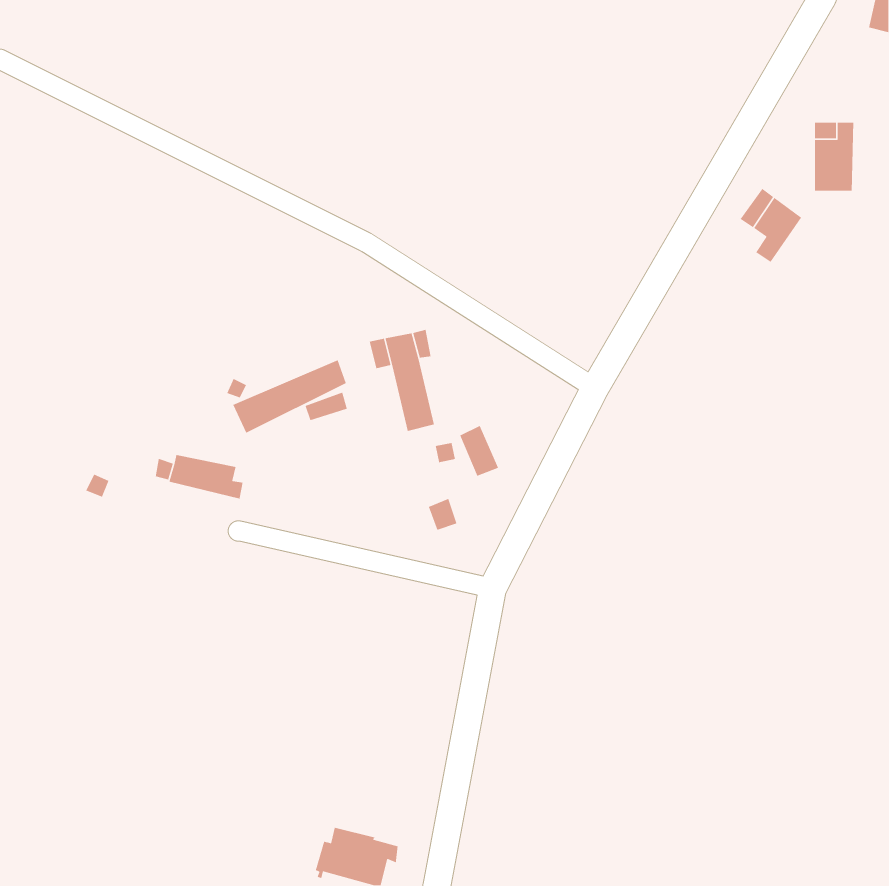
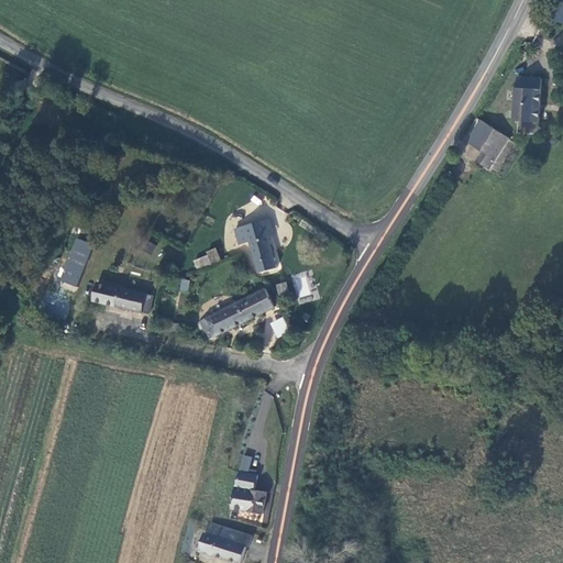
building: [232,359,347,434] -> [200,292,273,340]
building: none -> [59,235,91,285]
building: none -> [231,472,266,514]

